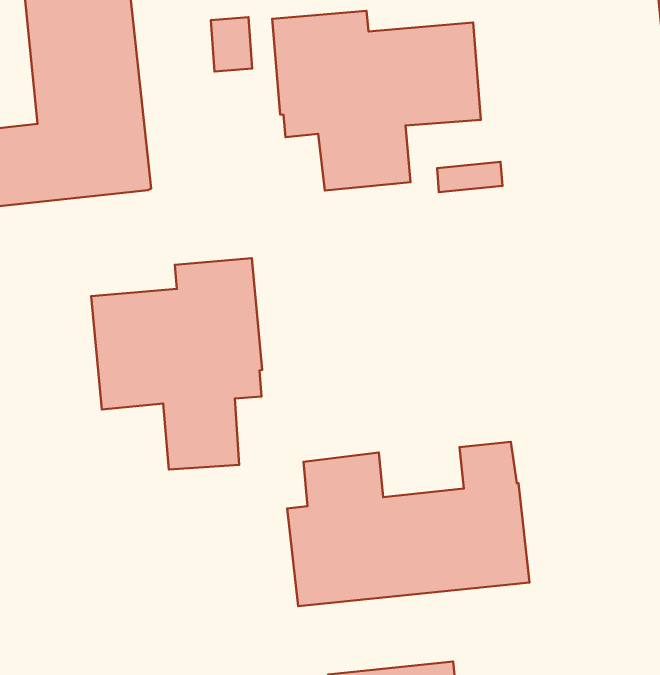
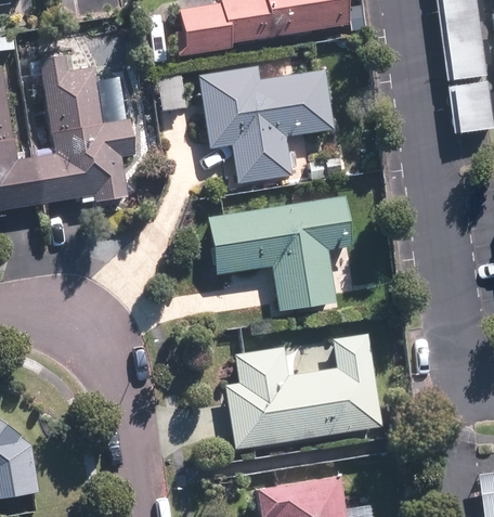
building: none -> [209,196,352,310]
building: [91,258,262,469] -> none

